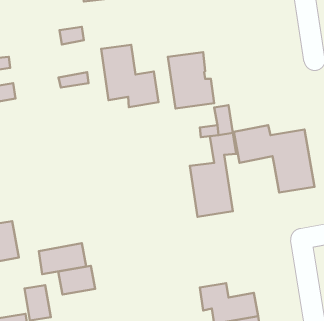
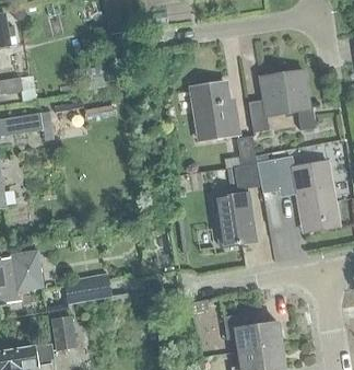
building: none -> [250,70,315,132]
building: [101,45,158,107] -> none
building: [58,266,95,295] -> none

